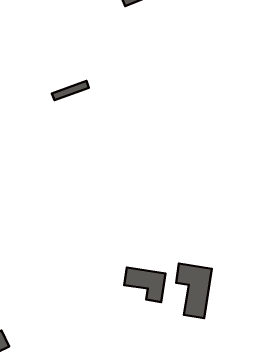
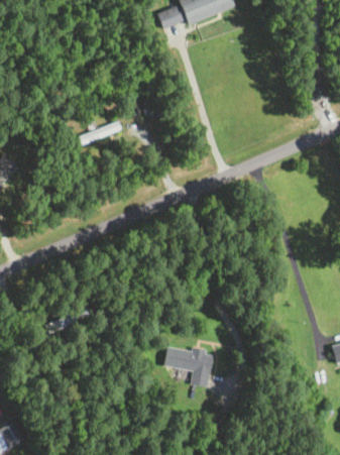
building: [176,264,212,318] -> none

